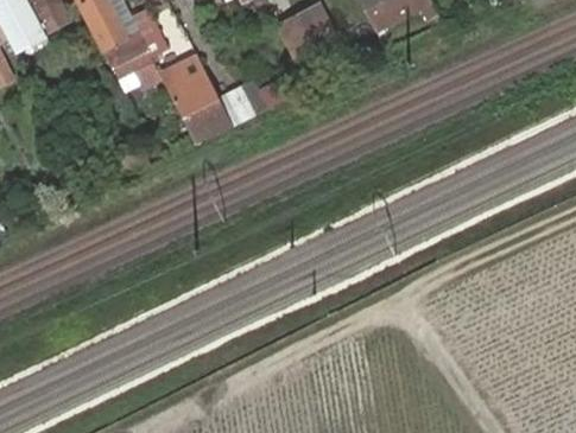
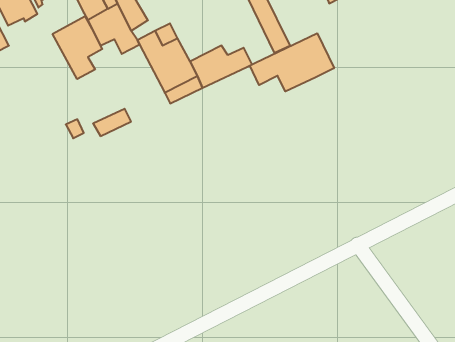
building: none -> [53,16,102,79]
building: none -> [250,33,334,91]

